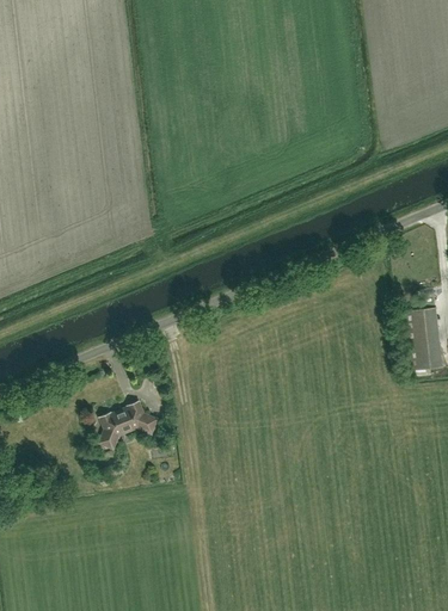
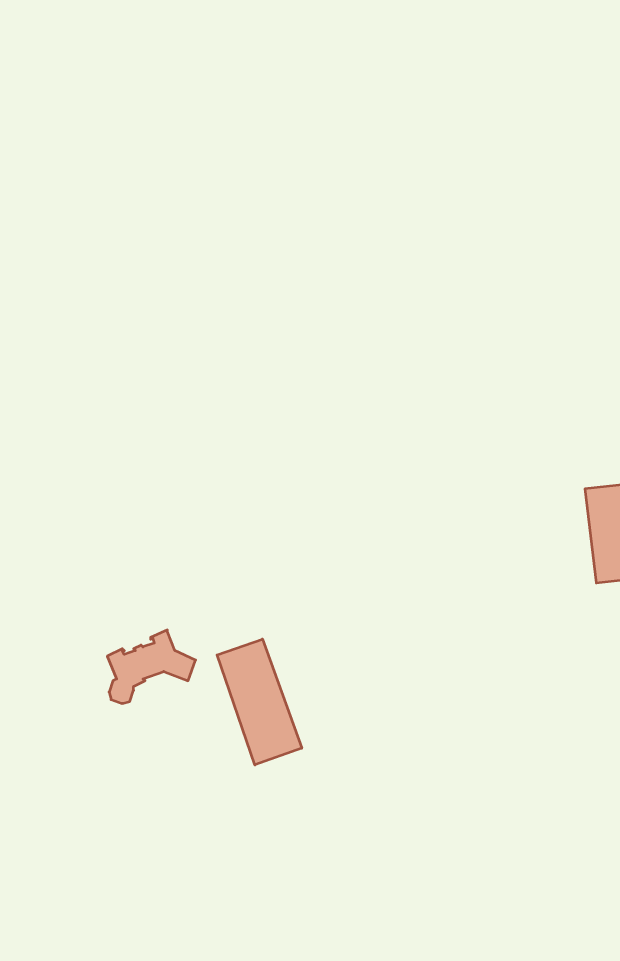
building: none -> [217,639,302,765]

